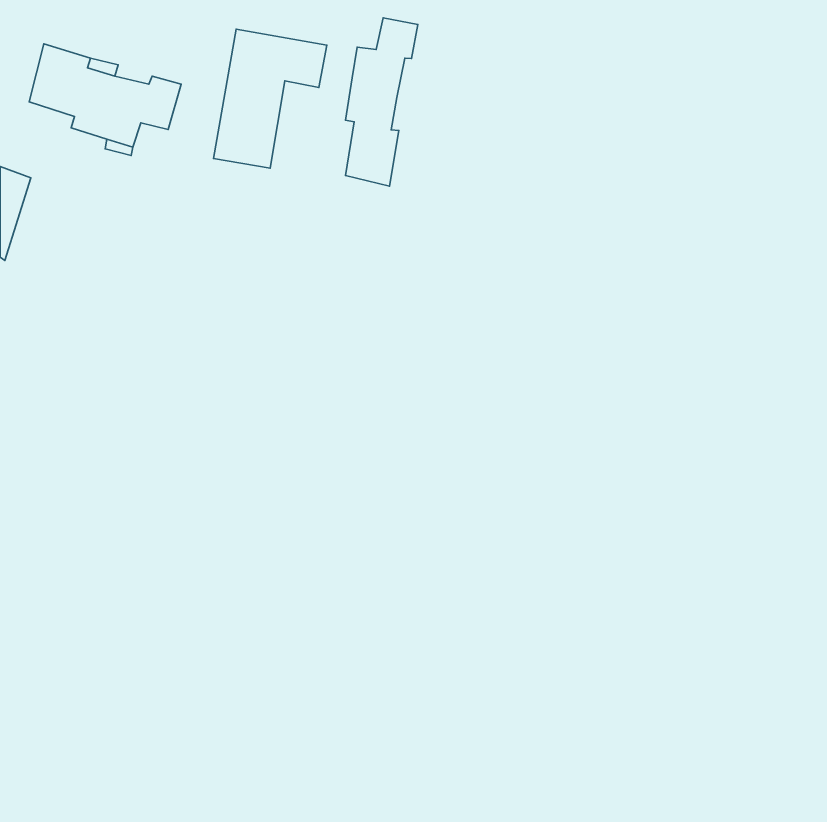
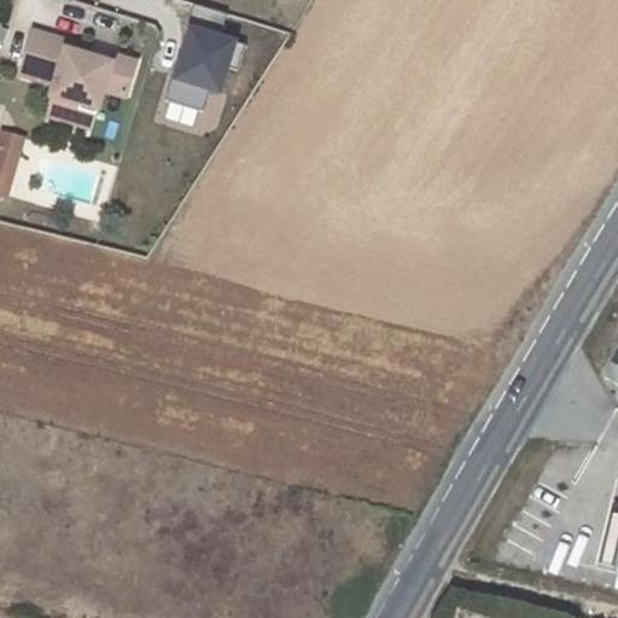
building: [345,18,418,186] -> none

